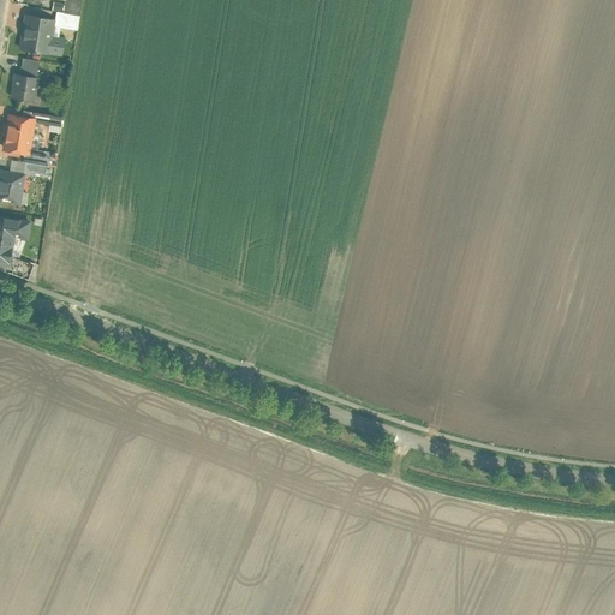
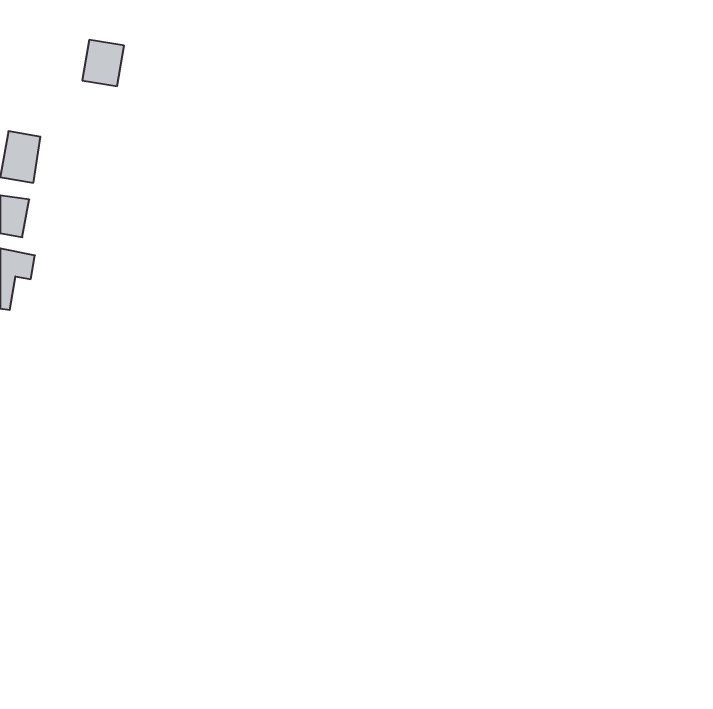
building: [18,13,54,53] -> [82,40,124,86]
building: [10,72,37,101] -> none

